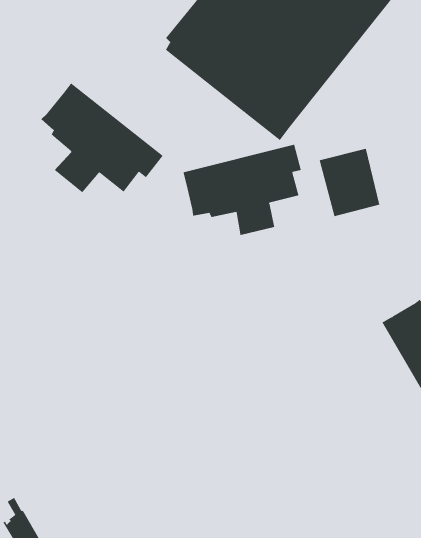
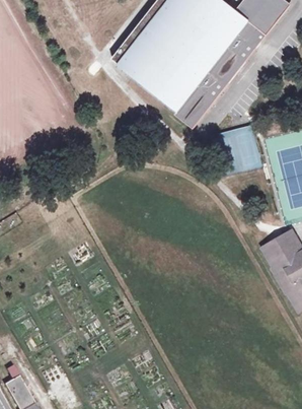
building: [41,82,163,193] -> none
building: [183,144,302,236] -> none

